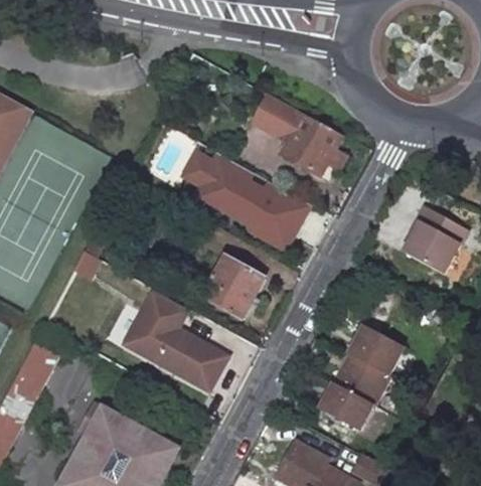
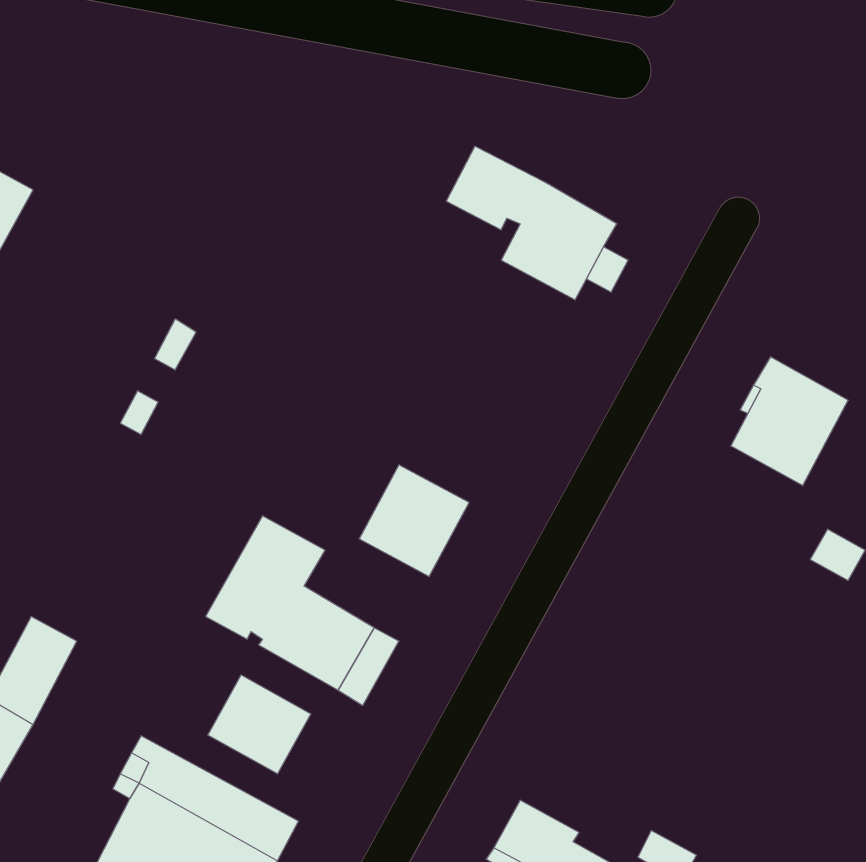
building: [182,154,310,253] -> none
building: [320,326,402,429] -> none
building: none -> [208,675,311,774]

